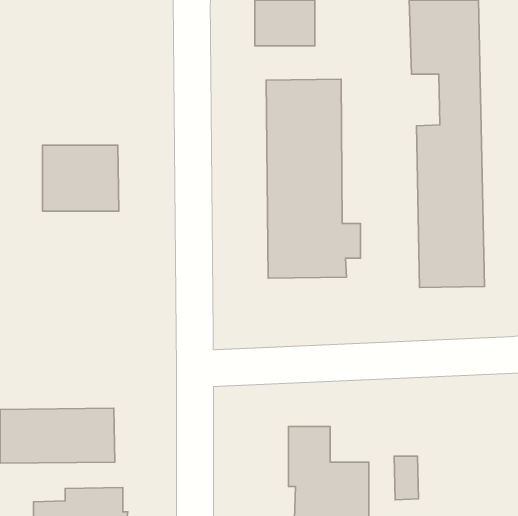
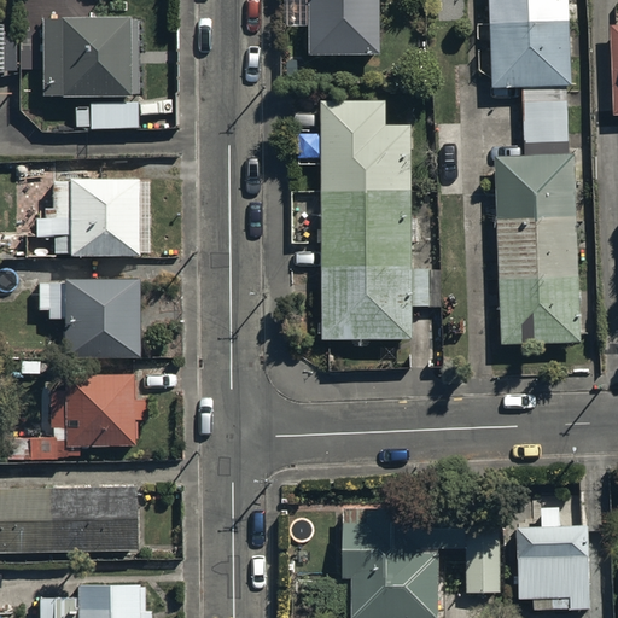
building: none -> [43,18,139,127]
building: none -> [45,276,140,358]
building: none -> [69,374,148,445]
building: none -> [514,513,589,611]

